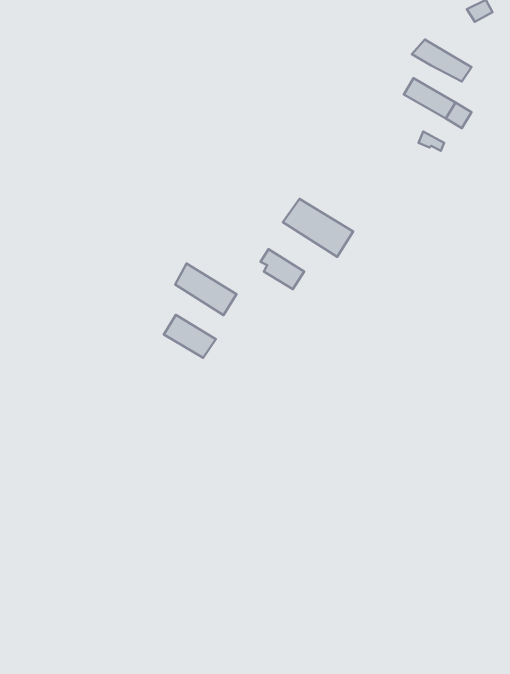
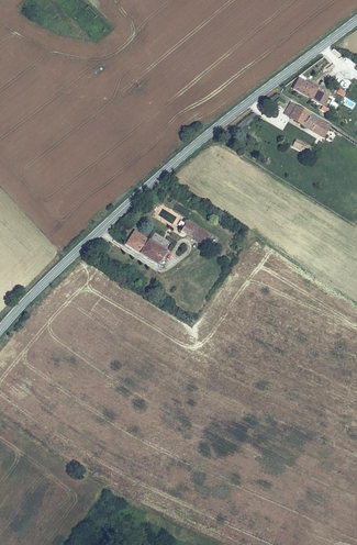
building: [283,199,353,257] -> none
building: [164,315,216,358] -> none

